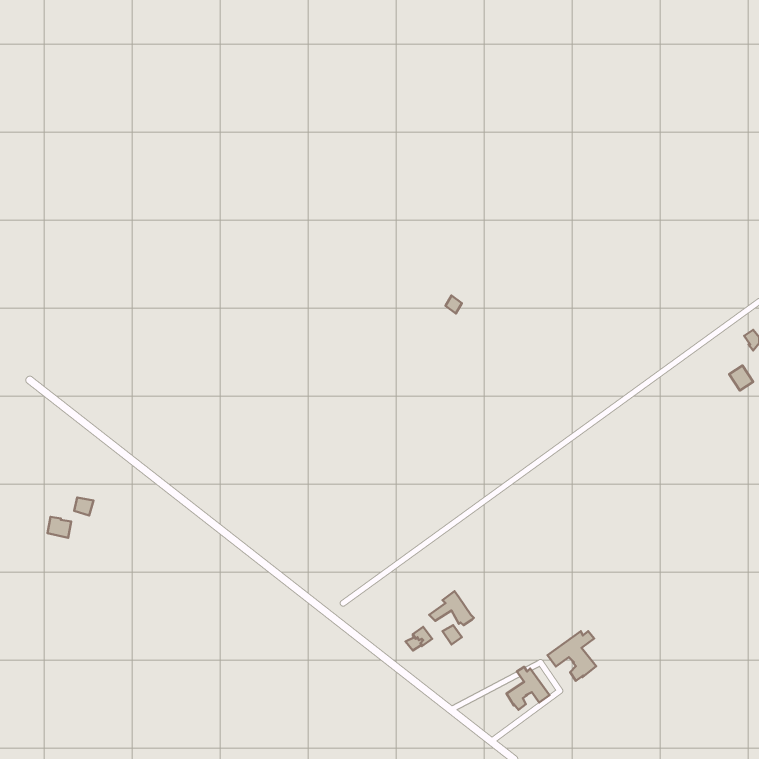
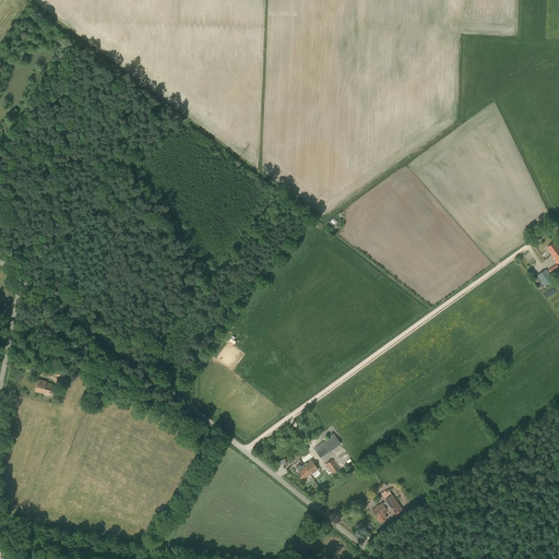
building: [548,631,596,681] -> none

